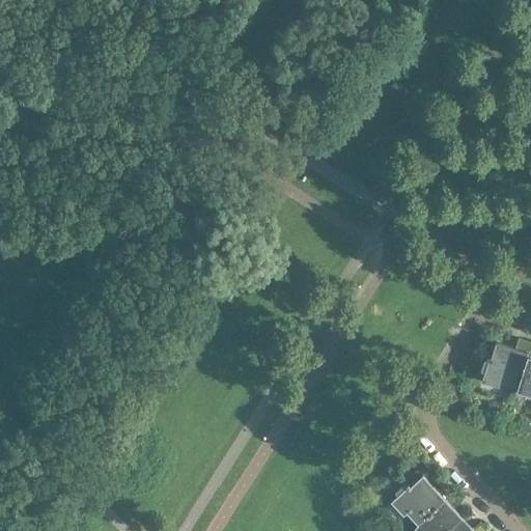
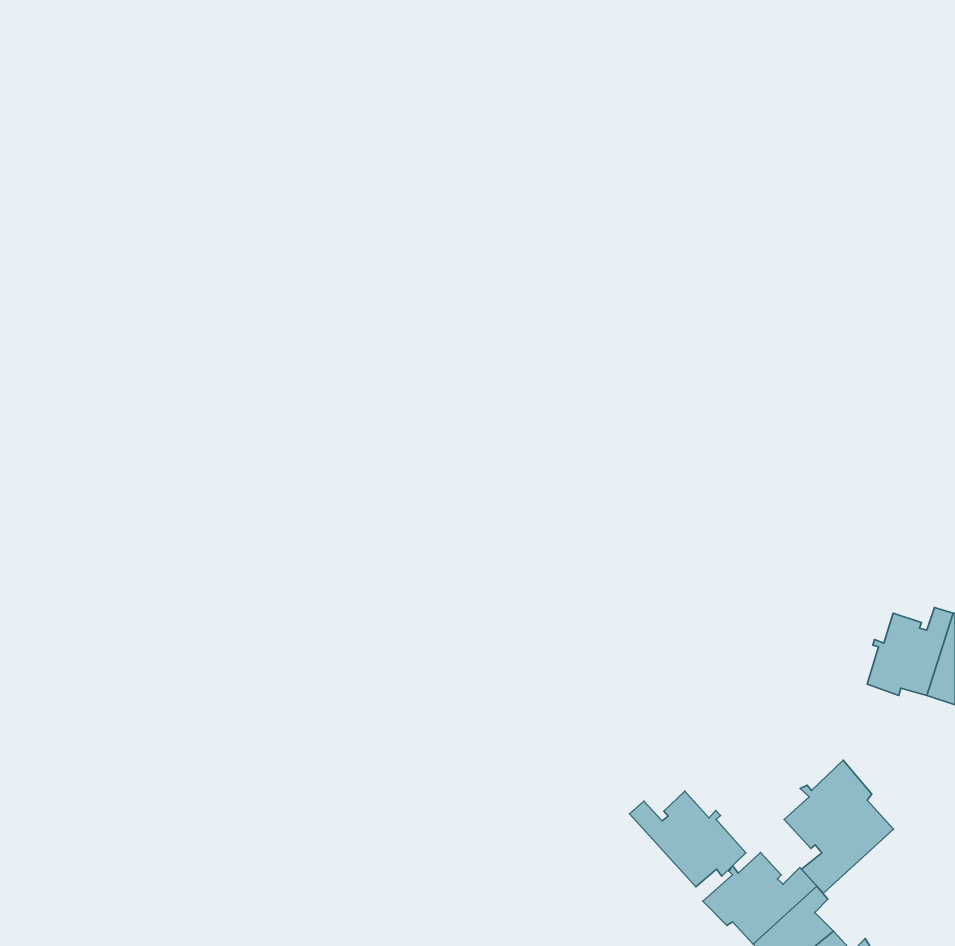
building: none -> [784,760,894,893]
building: none -> [629,791,746,887]

